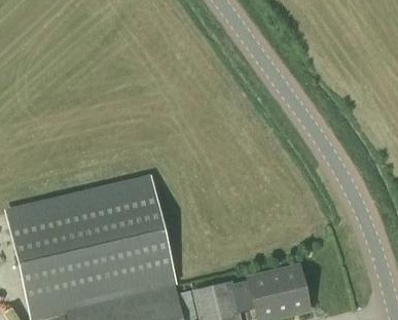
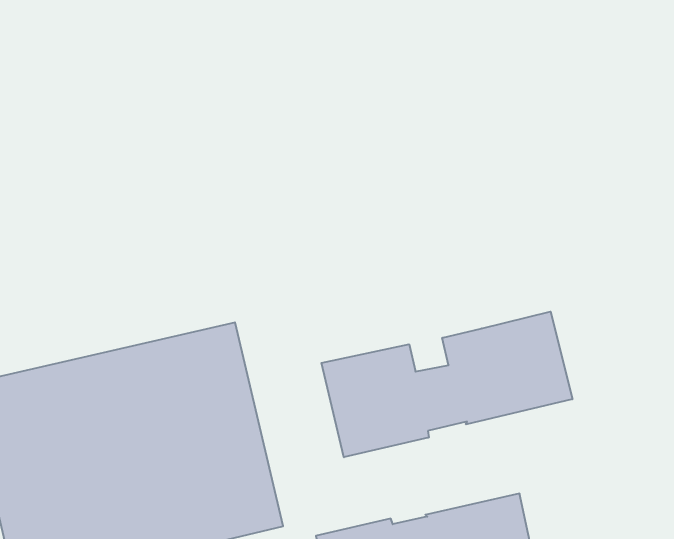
building: none -> [321,312,572,457]

